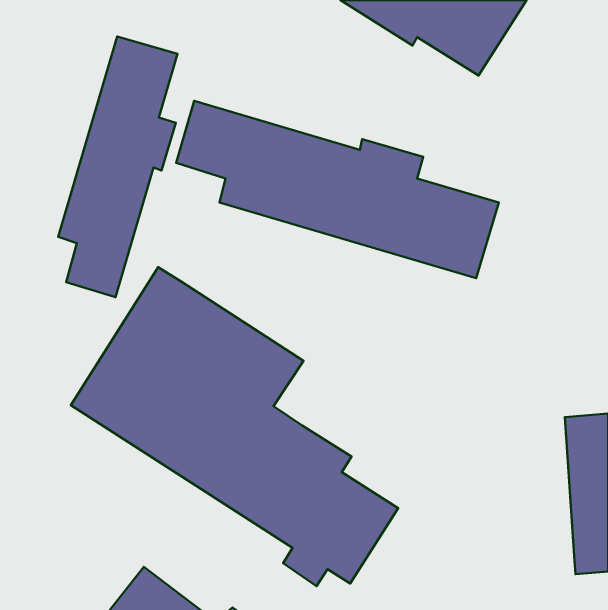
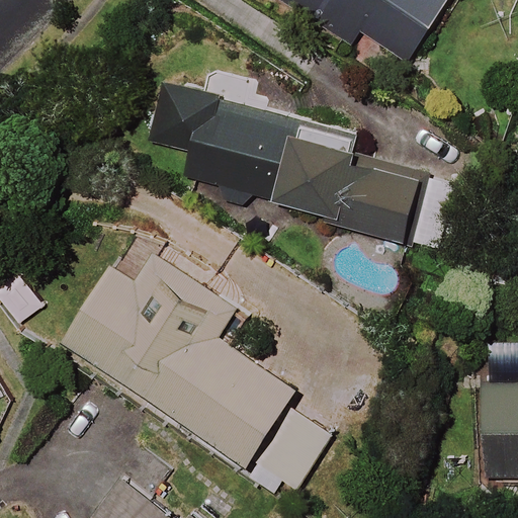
building: [58,36,177,297] -> none

